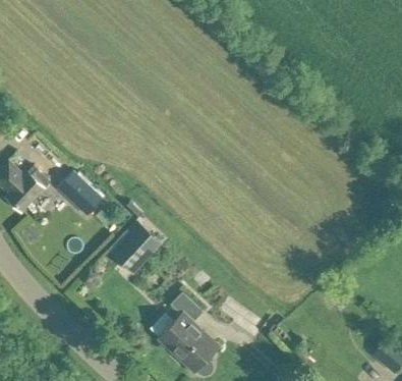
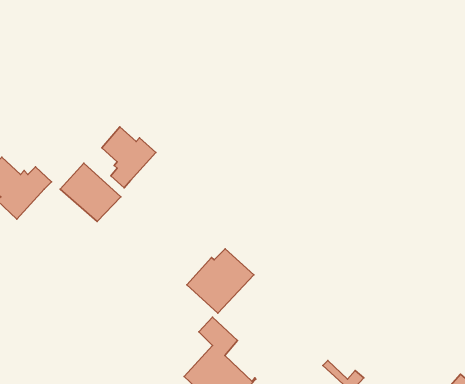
building: none -> [102,127,156,188]
building: [107,223,162,276] -> [187,249,254,313]

